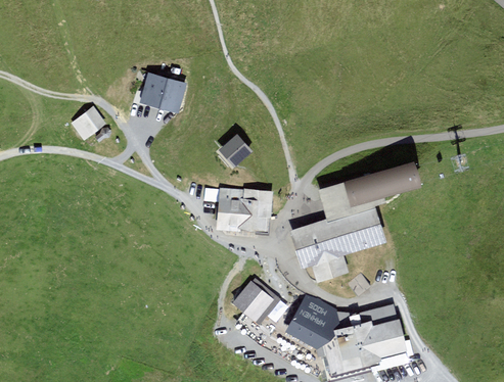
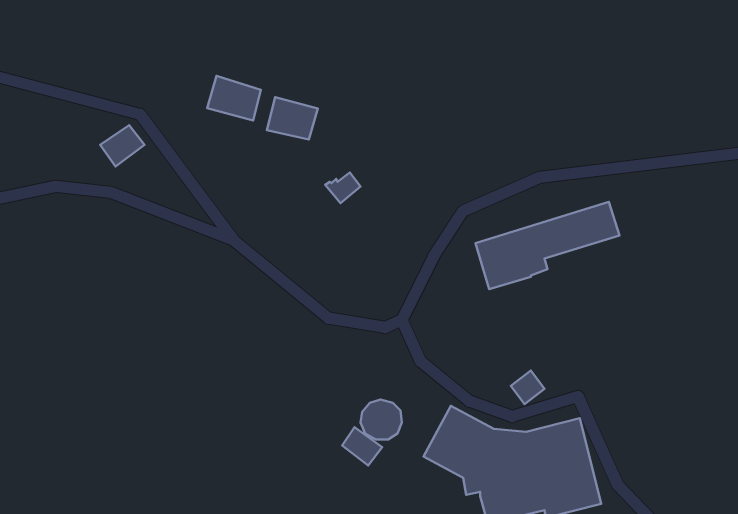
building: none -> [267,97,318,140]
building: [219,187,272,231] -> none
building: [293,204,383,277] -> none

